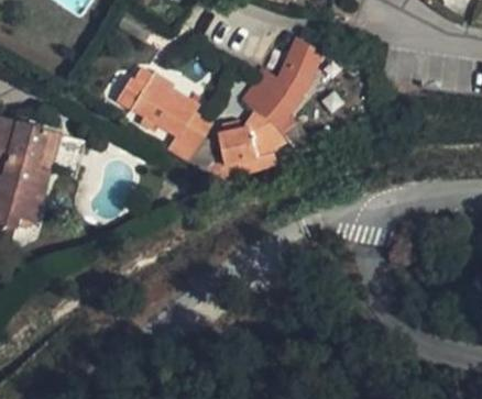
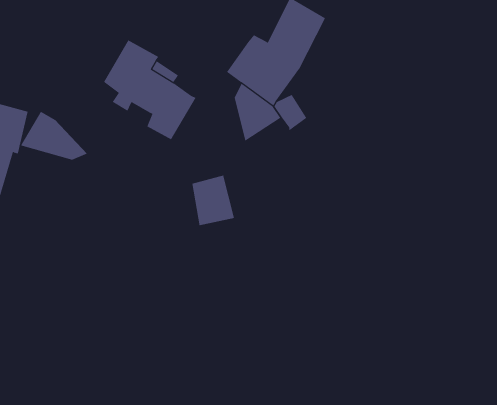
building: [218,123,256,168] -> [191,175,235,226]
building: none -> [20,111,88,161]

